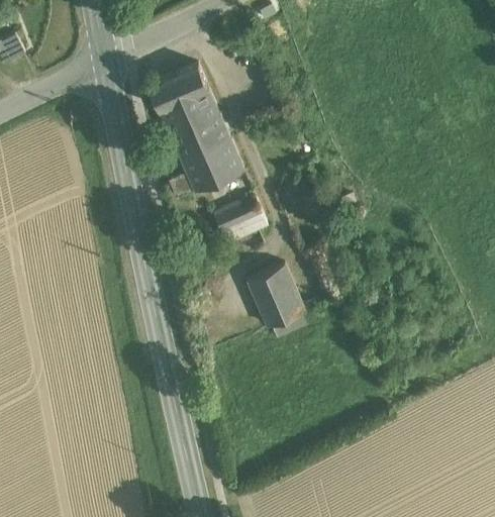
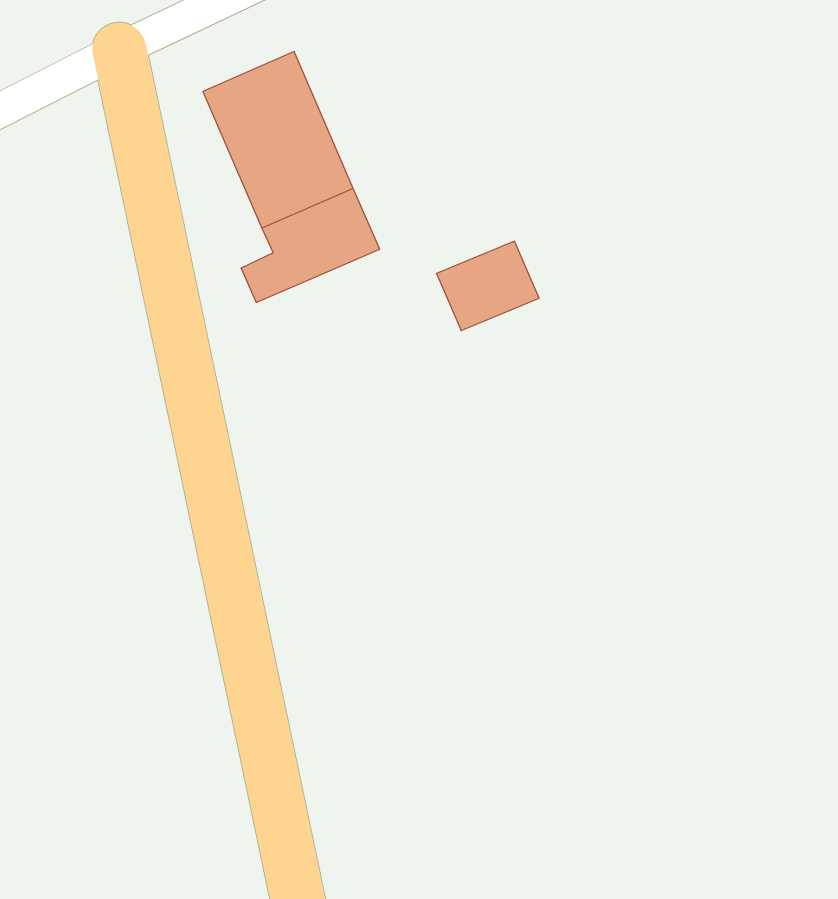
building: [214,197,269,244] -> [436,241,539,331]
building: [247,265,305,326] -> none

